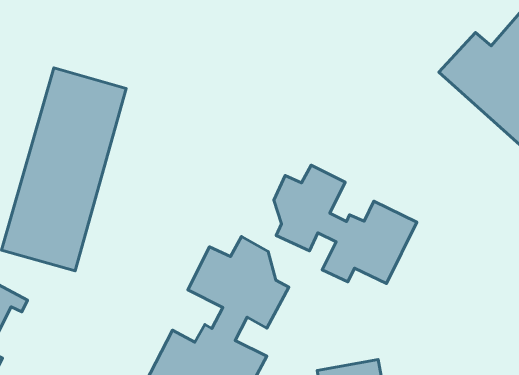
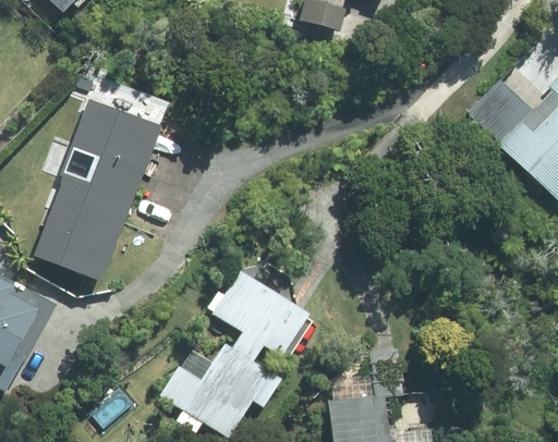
building: [274,165,417,283] -> none

